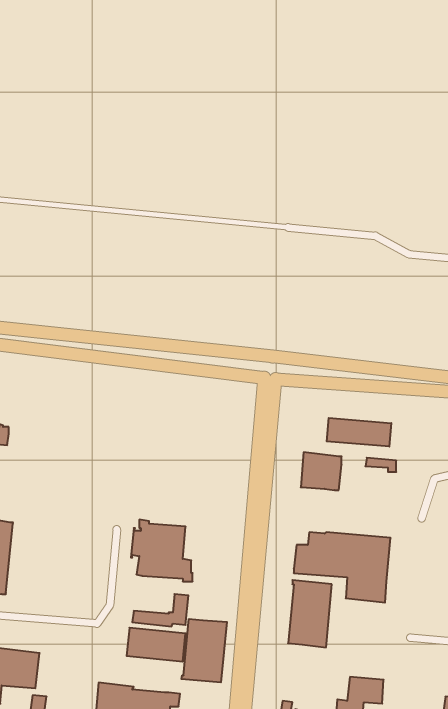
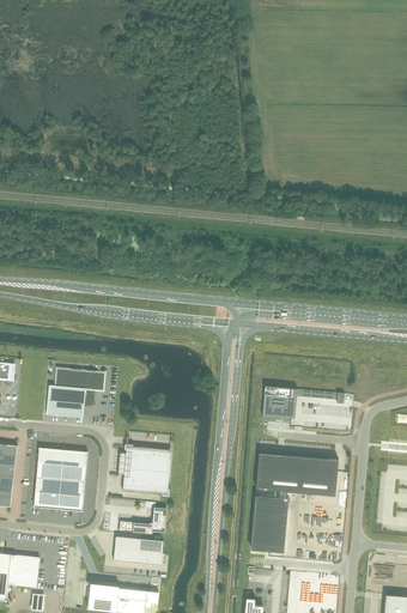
building: [327,418,391,447] -> none
building: none -> [47,368,105,417]
building: none -> [34,447,87,511]
building: [181,619,227,682] -> none

